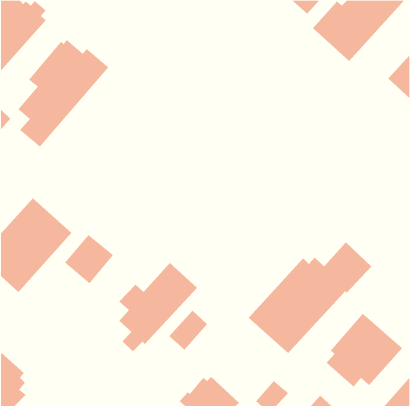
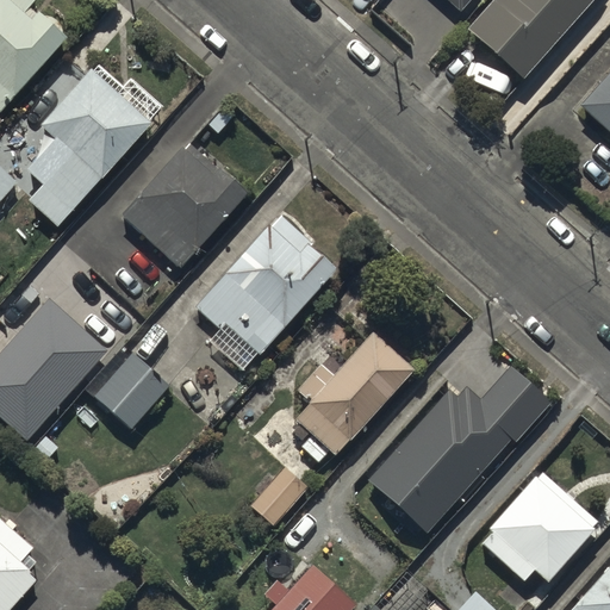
building: none -> [122,144,250,266]
building: none -> [197,217,336,354]
building: [119,262,198,352] -> [297,330,415,463]

